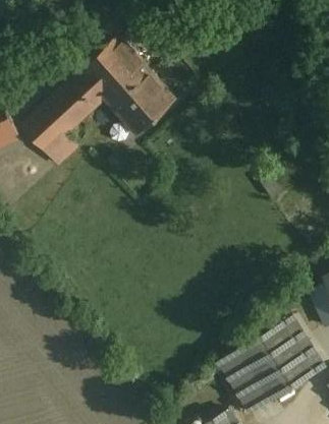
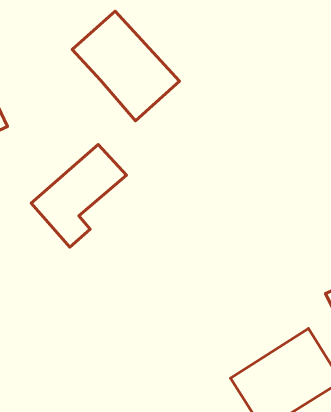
building: [19,70,105,163] -> [31,145,126,247]

